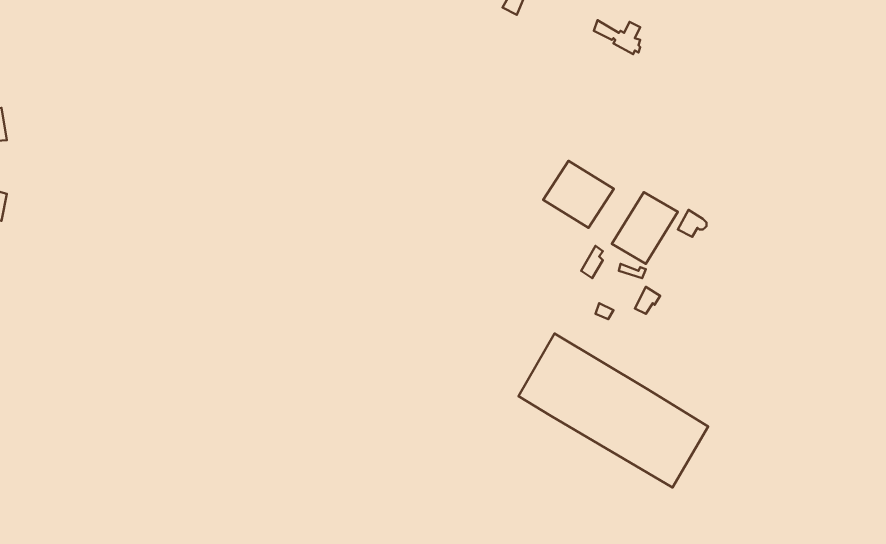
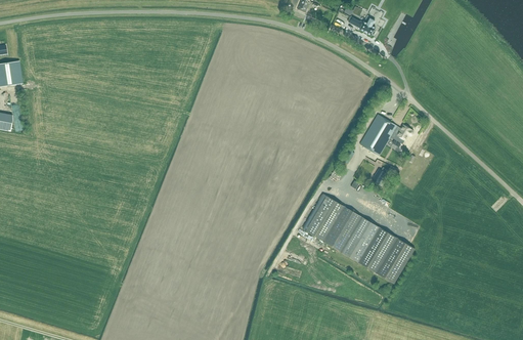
building: [543,161,614,228] -> none

